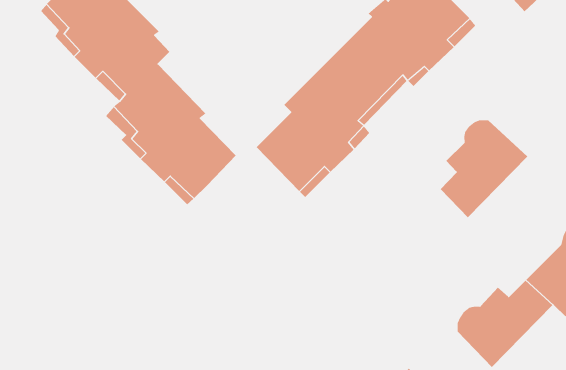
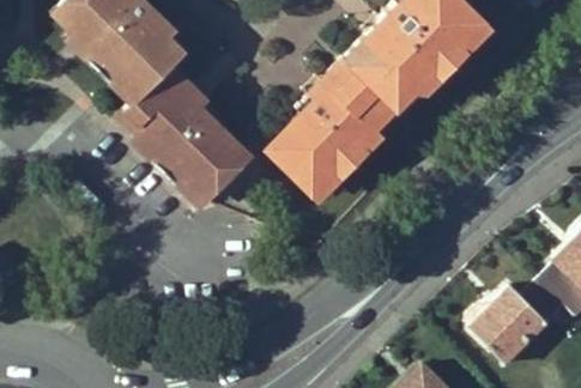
building: [440,120,528,218] -> none

